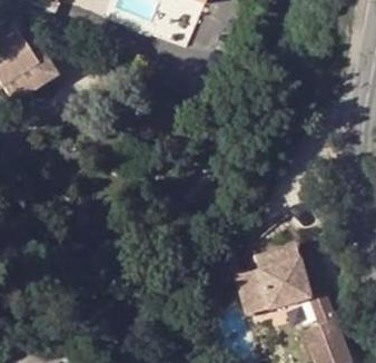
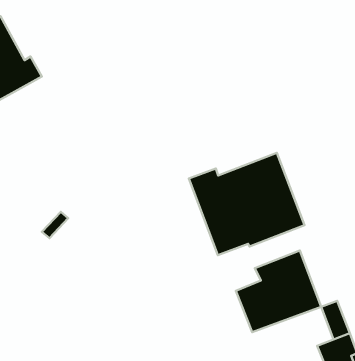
building: none -> [189,153,304,255]

